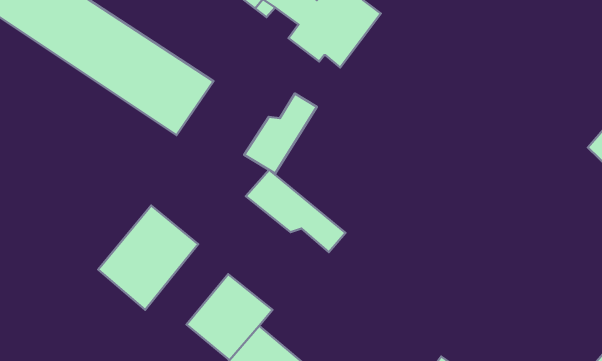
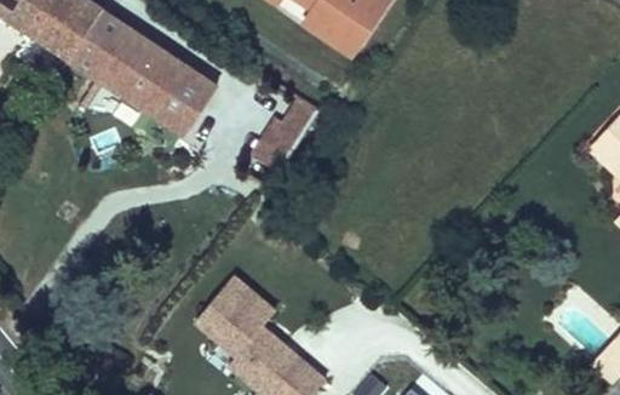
building: [246,170,345,252] -> none
building: [98,205,198,310] -> none

